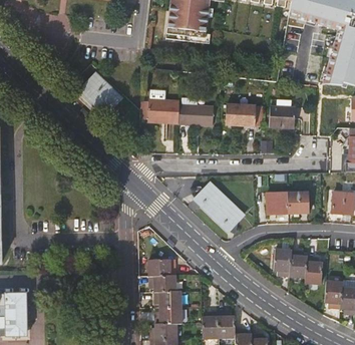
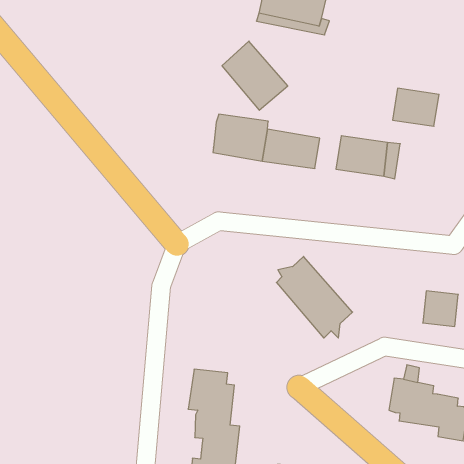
building: [80,73,122,115] -> [222,41,288,110]
building: [269,106,296,127] -> [393,88,439,126]
building: [267,194,289,214] -> none

